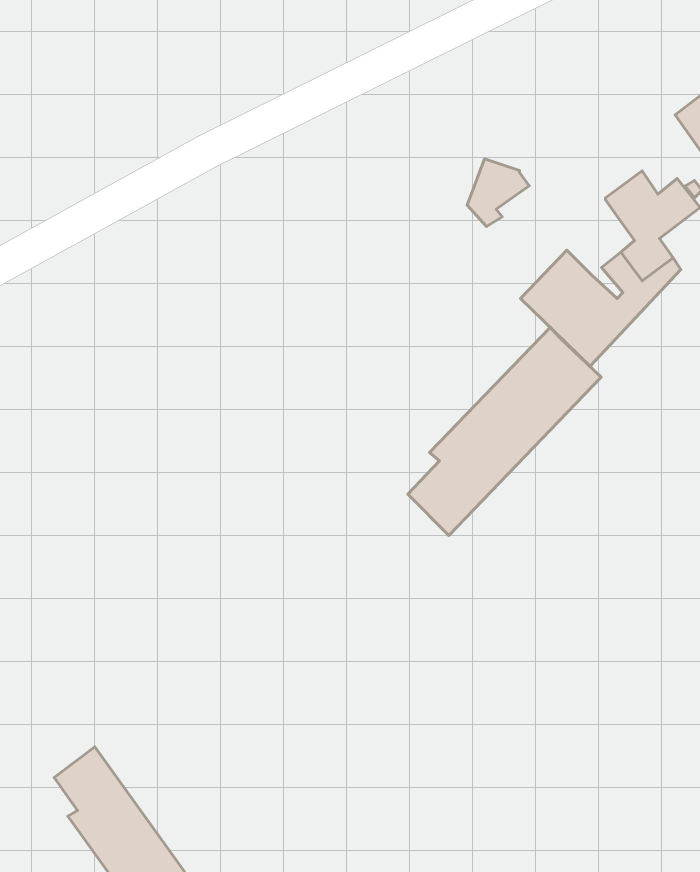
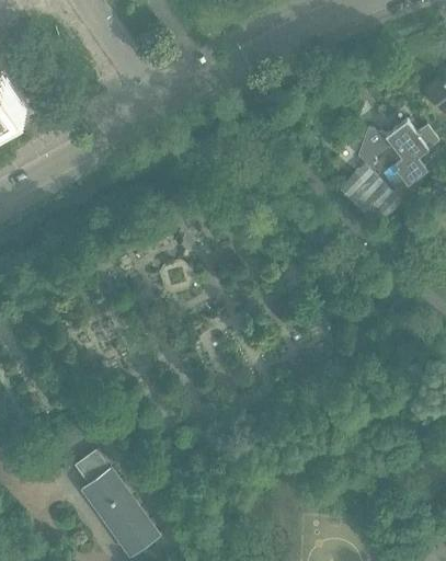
building: [467,159,529,227] -> [356,130,391,169]
building: [408,327,601,536] -> none

